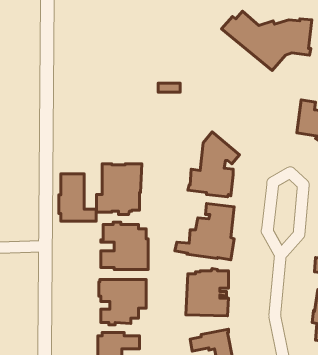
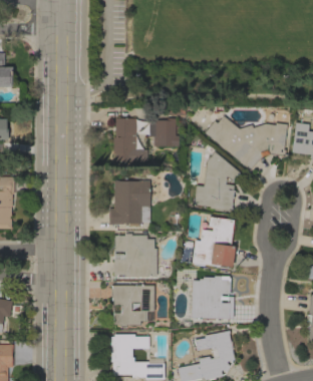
building: [222,11,312,71] -> [205,116,287,170]
building: none -> [148,118,179,146]
building: [59,174,96,221] -> [113,118,147,161]

